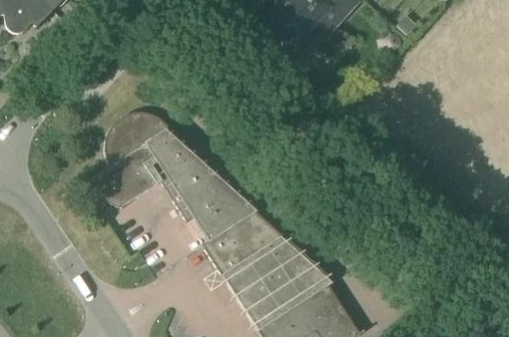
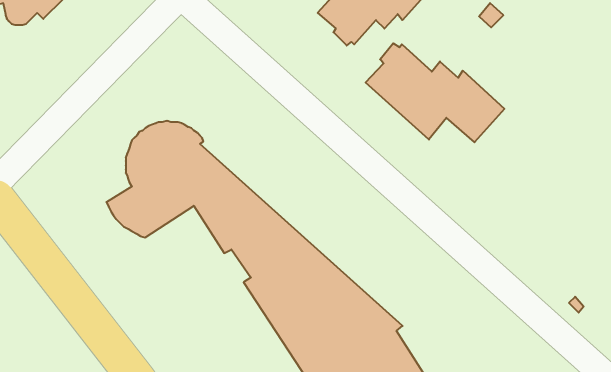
building: none -> [366,43,504,142]

